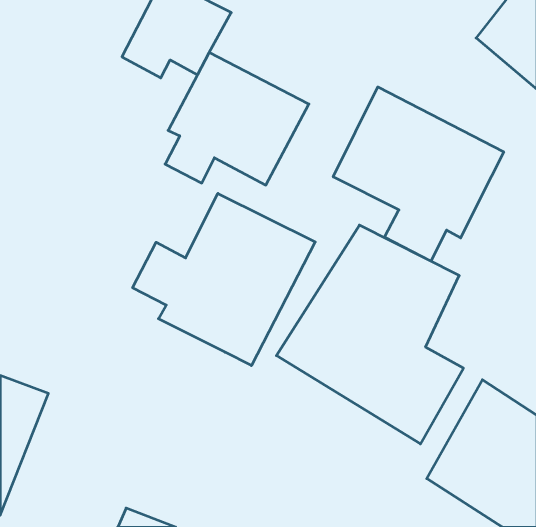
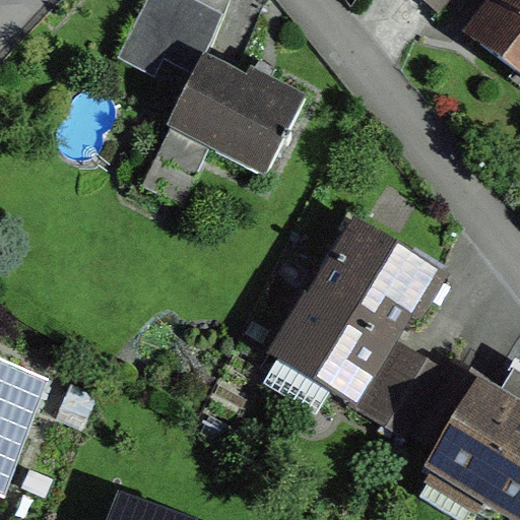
building: [333,87,504,261] -> none
building: [133,193,315,366] -> none

